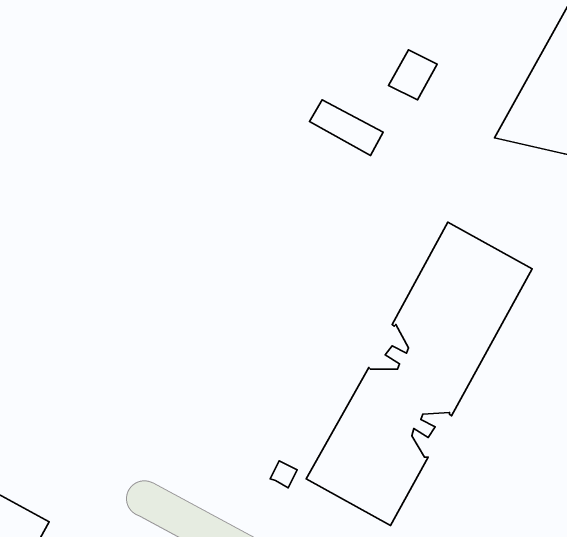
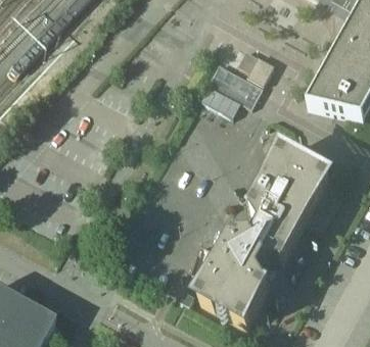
building: none -> [206,54,262,99]

